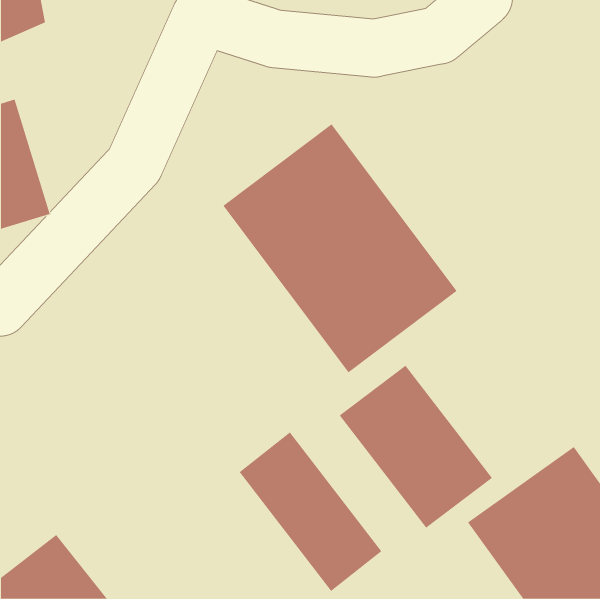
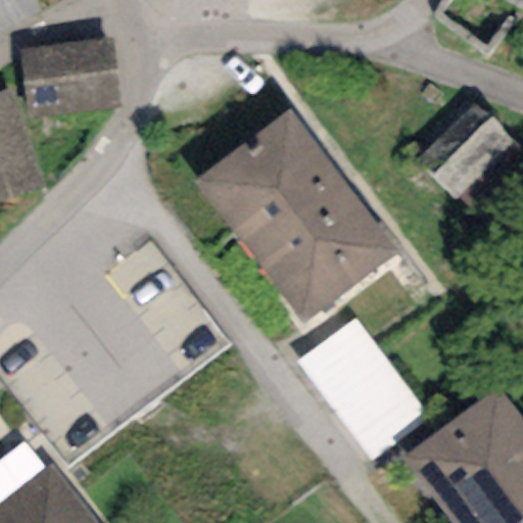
building: none -> [21,38,122,117]
building: none -> [419,102,515,197]
building: [239,432,382,592] -> none

